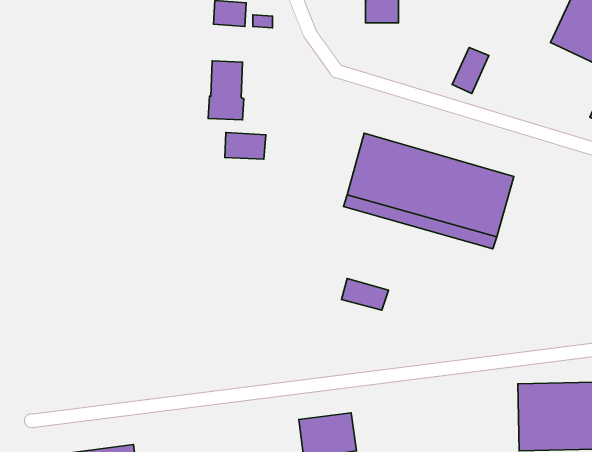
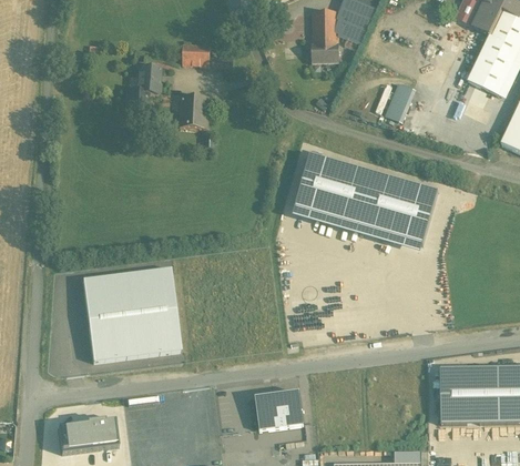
building: none -> [137,64,161,91]
building: [225,132,266,159] -> none
building: none -> [83,267,181,361]
building: [342,279,388,310] -> none

